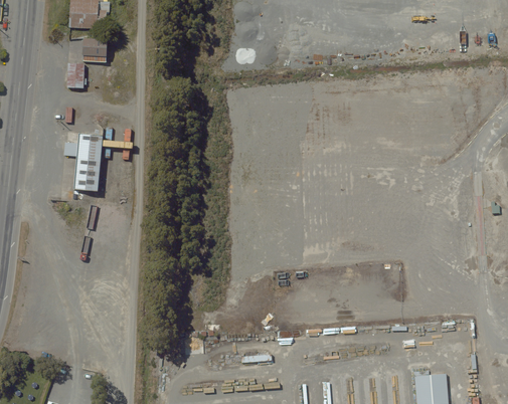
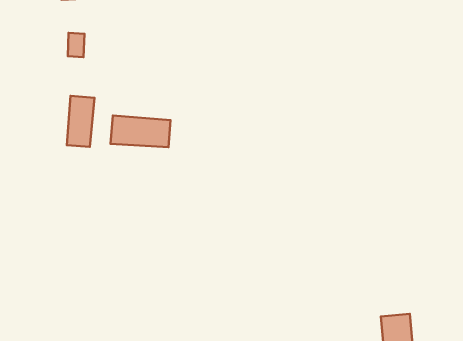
building: [81,38,105,58] -> none
building: none -> [111,115,171,147]

